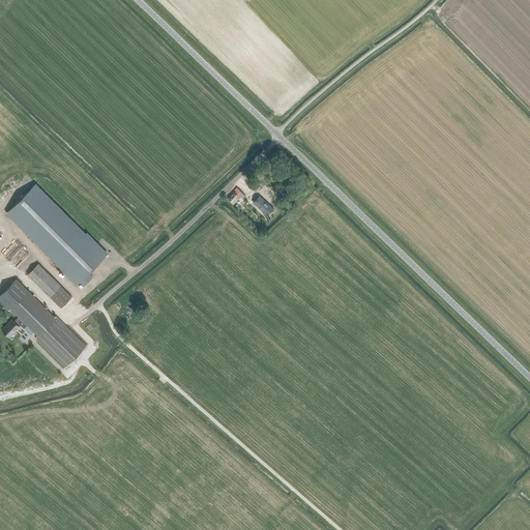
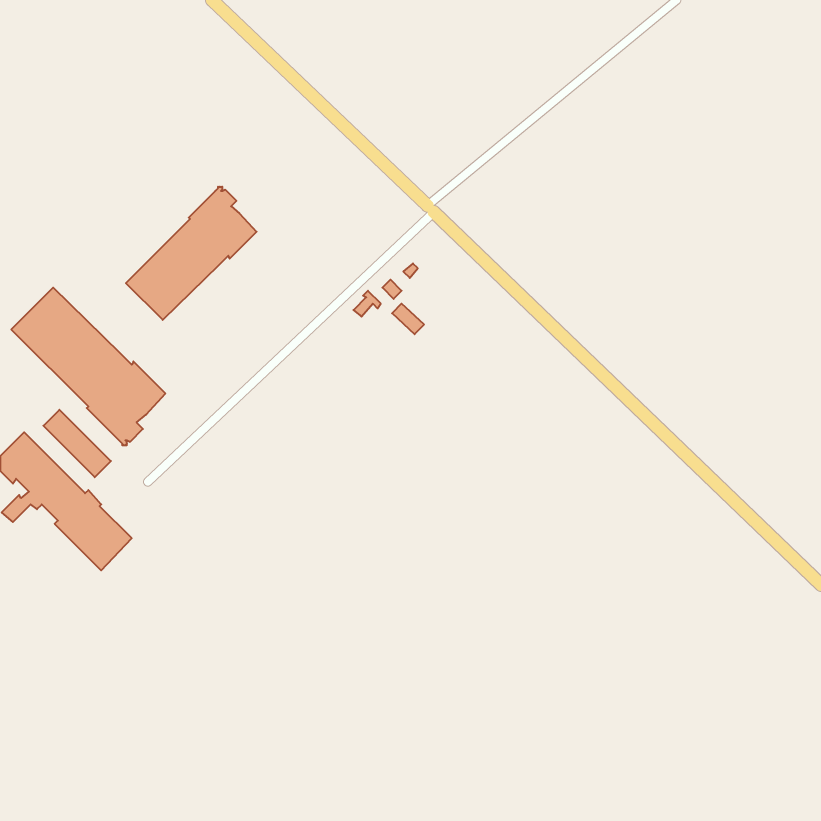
building: none -> [126,187,257,320]

